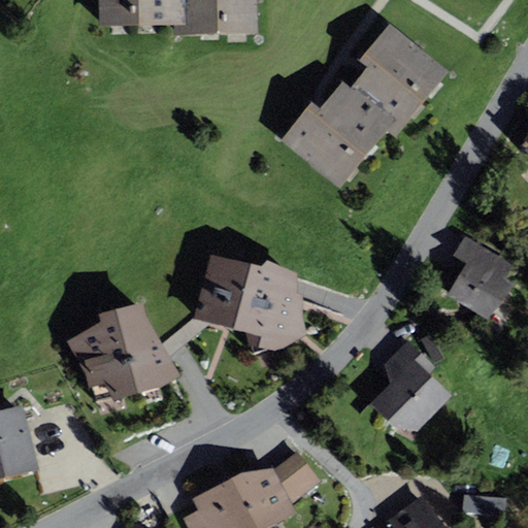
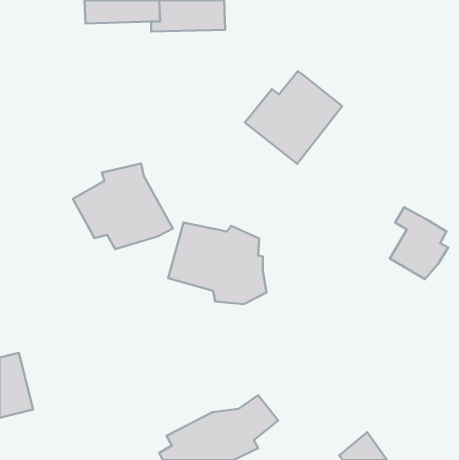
building: [350,24,448,137] -> none
building: [64,302,178,400] -> [73,164,173,249]
building: [370,340,452,431] -> none

